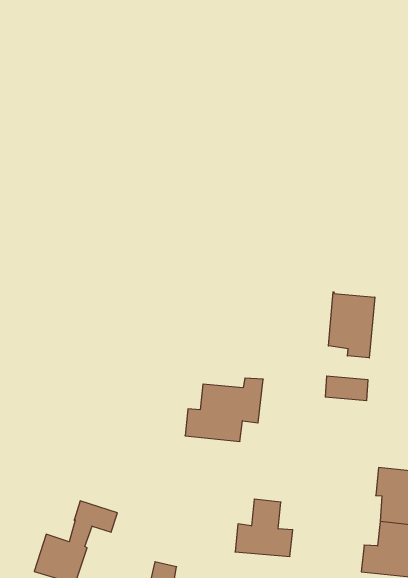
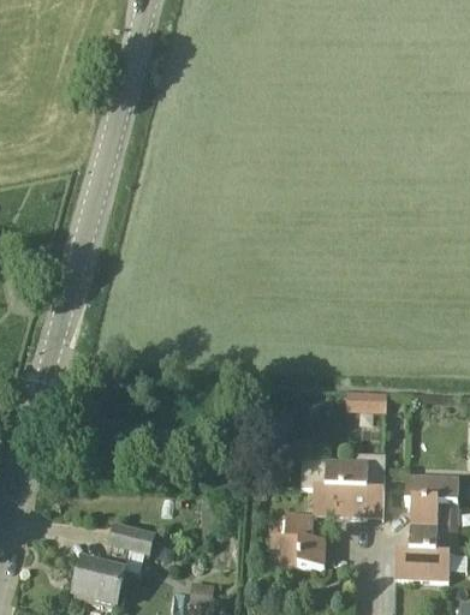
building: [328,292,375,358] -> none
building: [185,378,263,441] -> [313,453,386,515]

